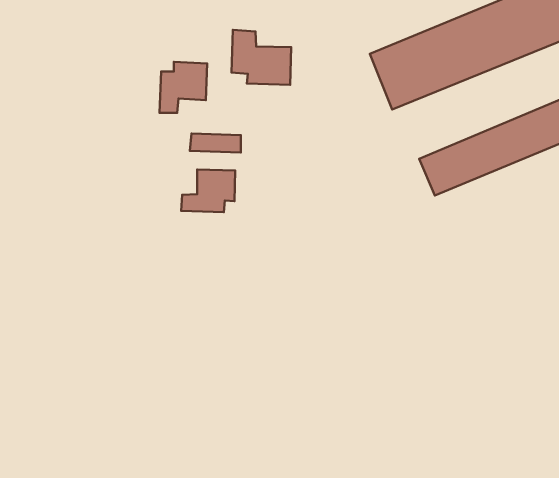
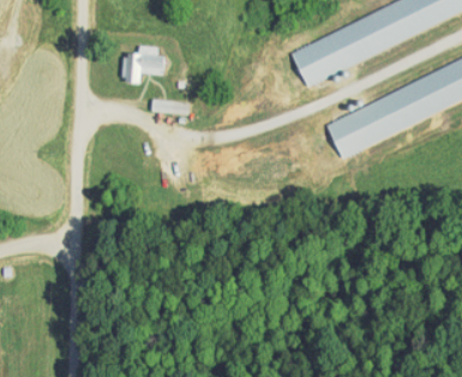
building: [231,30,291,85] -> none
building: [181,170,235,212] -> none

